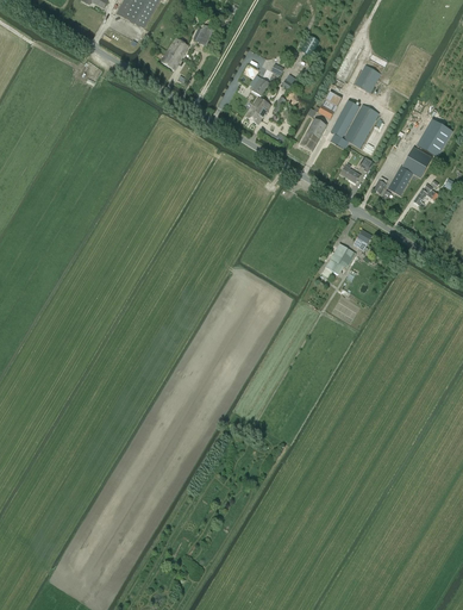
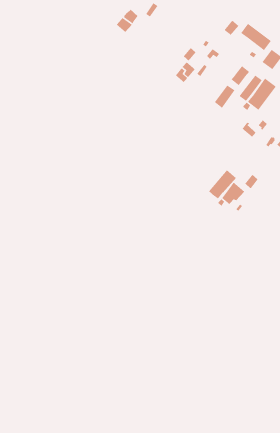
building: none -> [240,23,272,51]
building: none -> [208,169,237,200]

